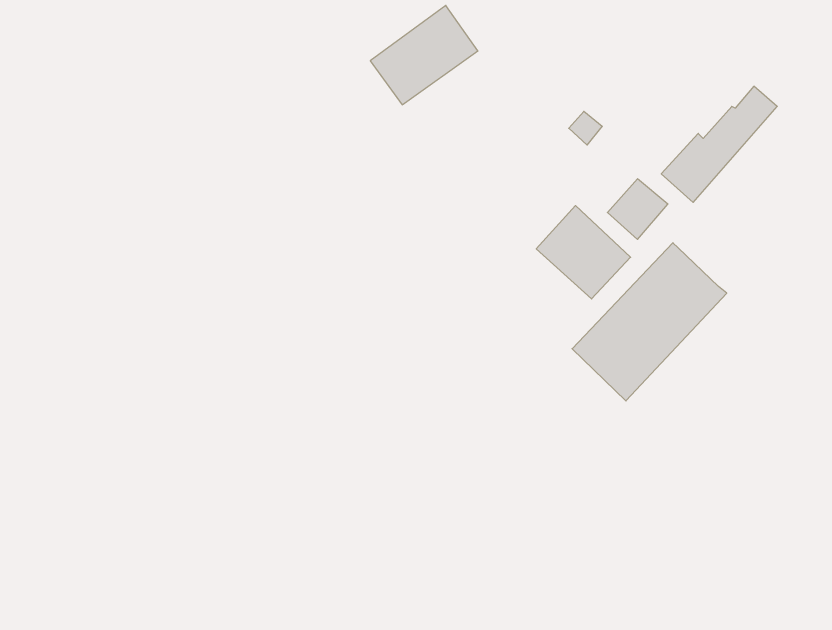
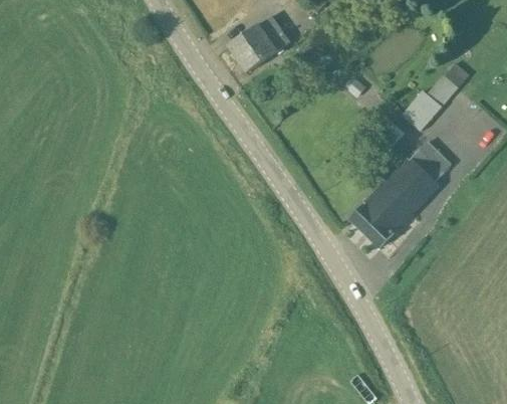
building: [536,206,631,299] -> none
building: none -> [411,140,452,181]

